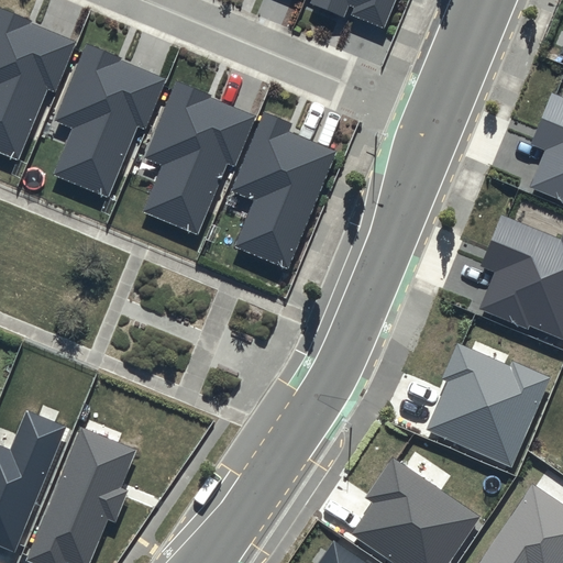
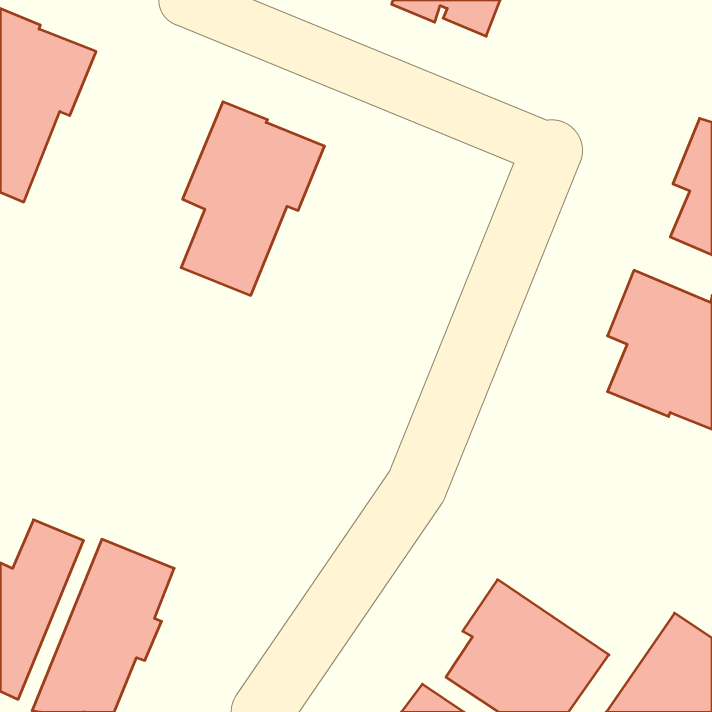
building: [54,43,166,196] -> none
building: [231,112,338,271] -> none
building: [427,343,551,467] -> none

